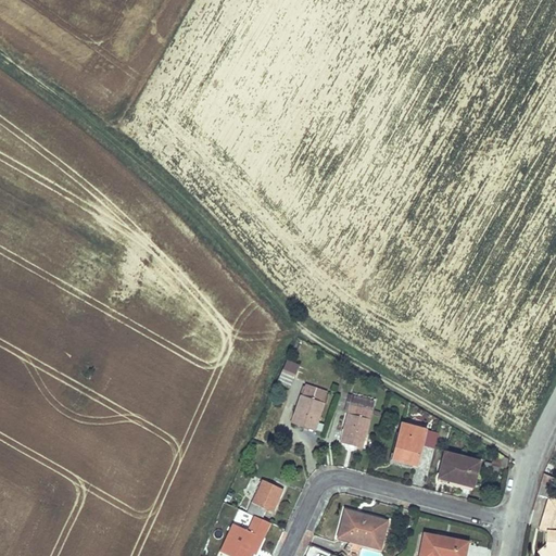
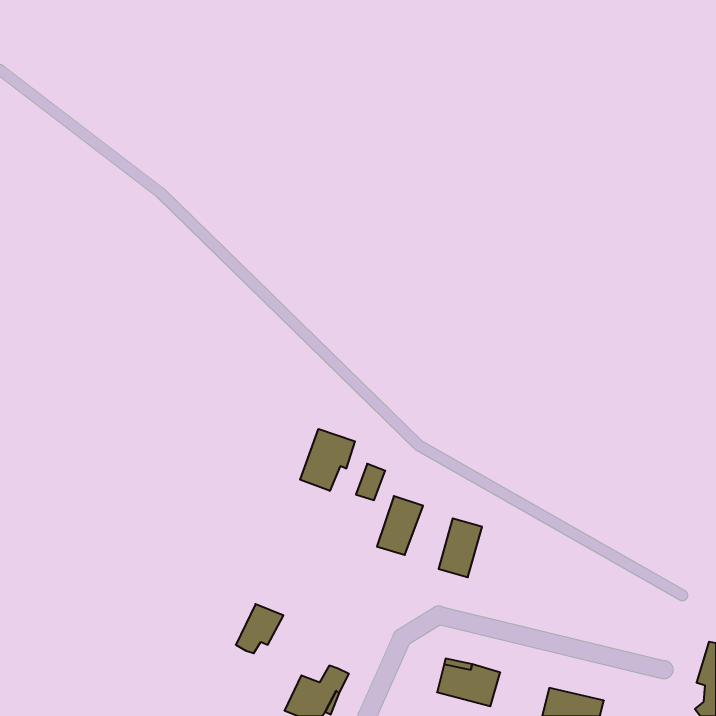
building: none -> [300,429,355,491]
building: [393,422,427,464] -> none
building: [439,452,480,484] -> none
building: [248,480,285,518] -> [236,604,283,653]

